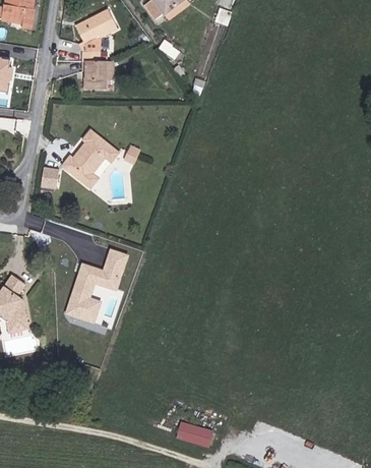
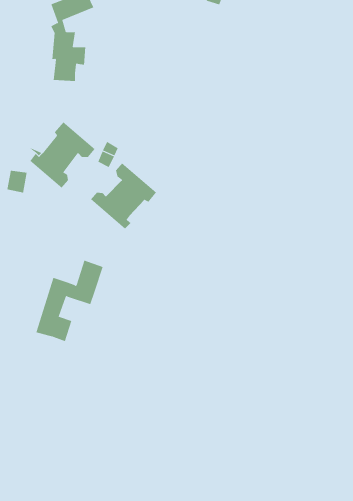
building: none -> [90,162,157,229]
building: [178,420,217,448] -> none

